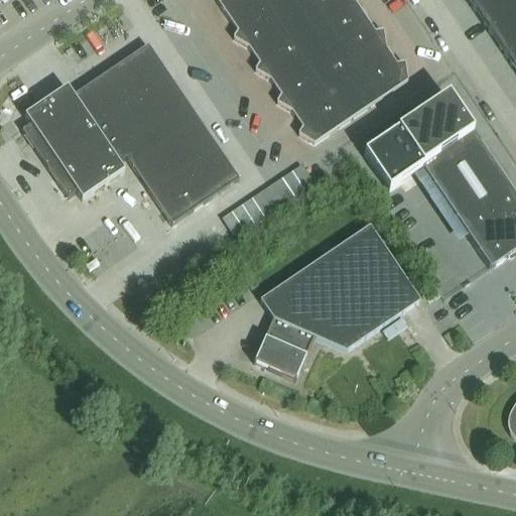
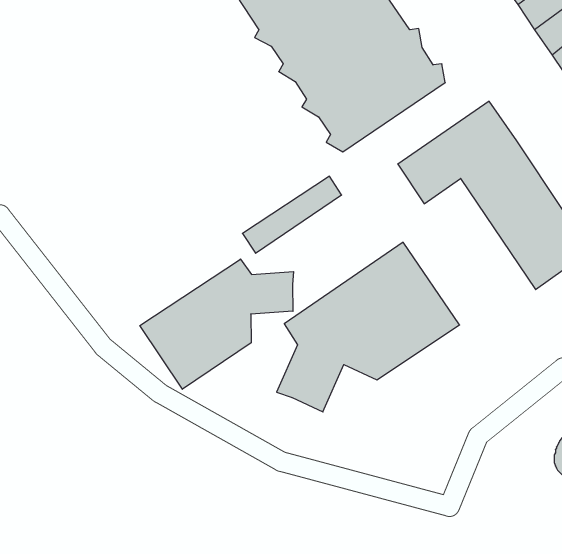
building: [22,40,240,221] -> none
building: none -> [140,259,294,389]

